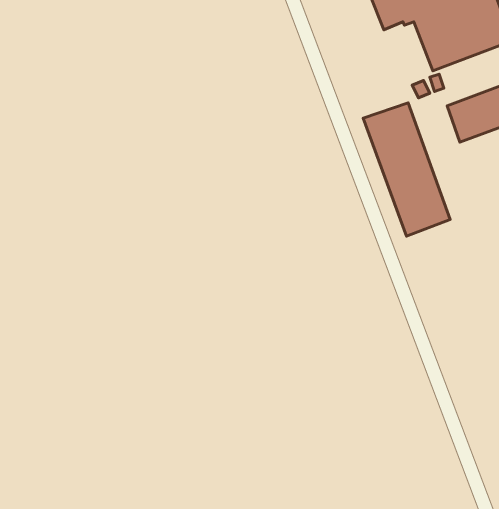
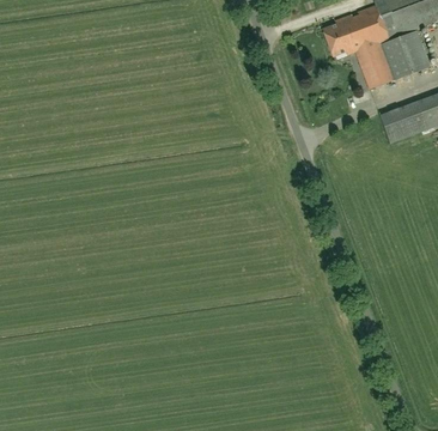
building: [363,103,450,236] -> none

